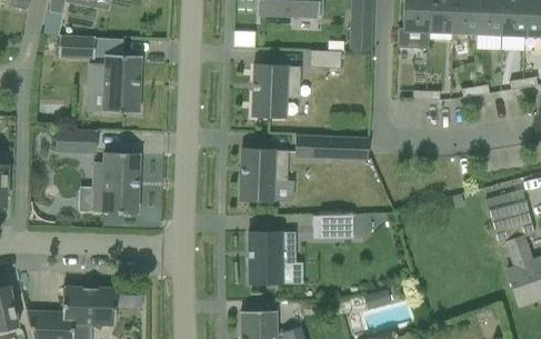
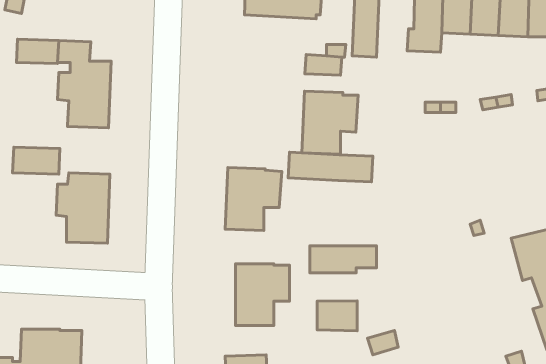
building: [252,63,301,118] -> [302,91,358,154]
building: none -> [317,301,357,331]

